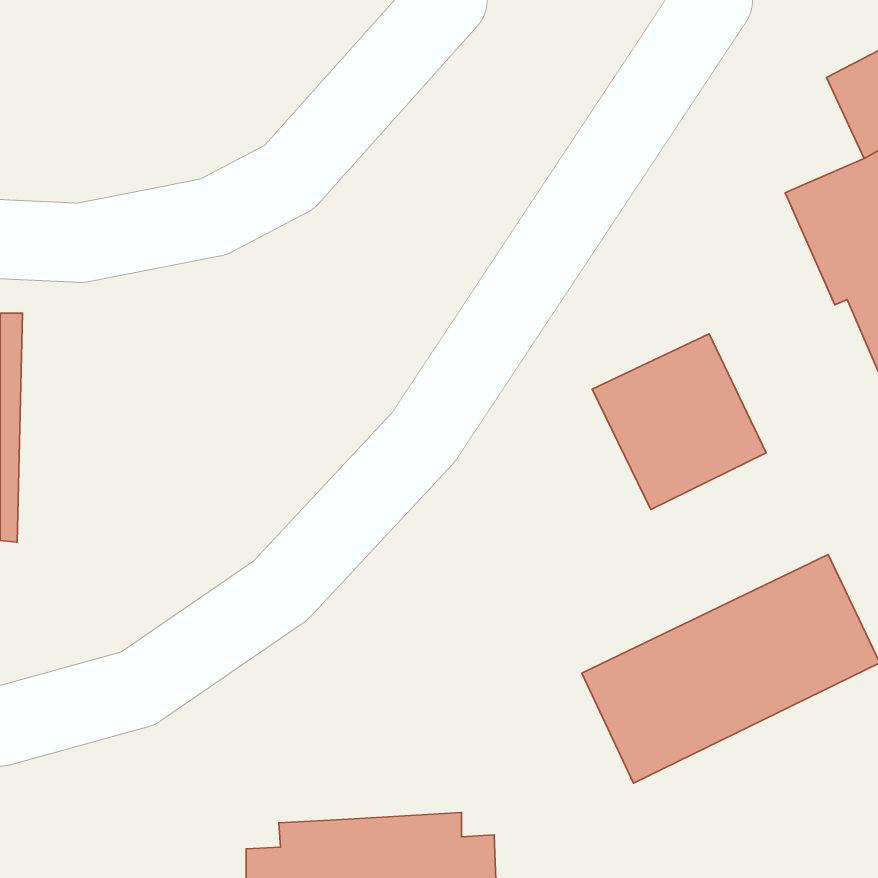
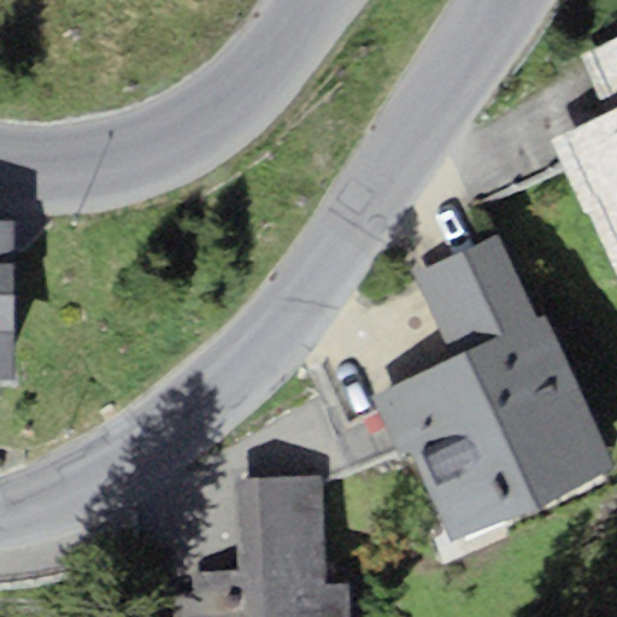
building: none -> [372,316,581,472]
building: none -> [235,476,324,575]

